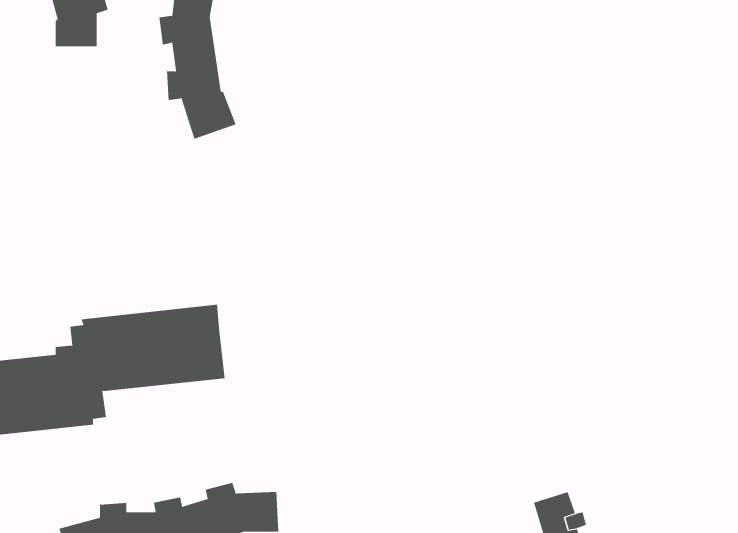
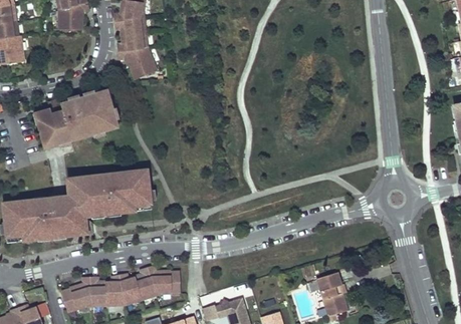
building: none -> [36,89,118,148]

